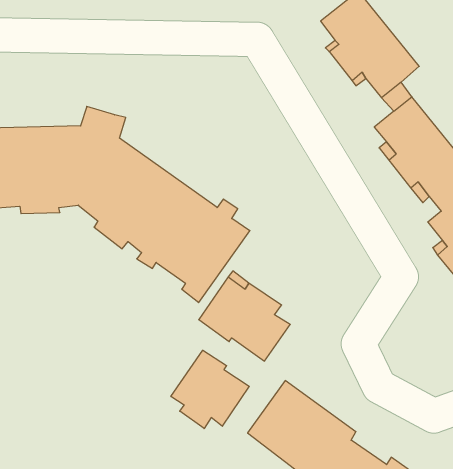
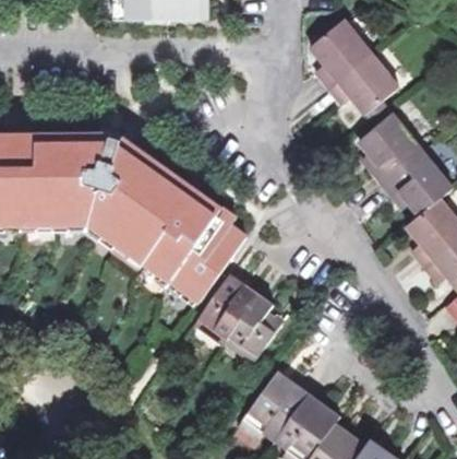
building: [171,350,249,429] -> none

